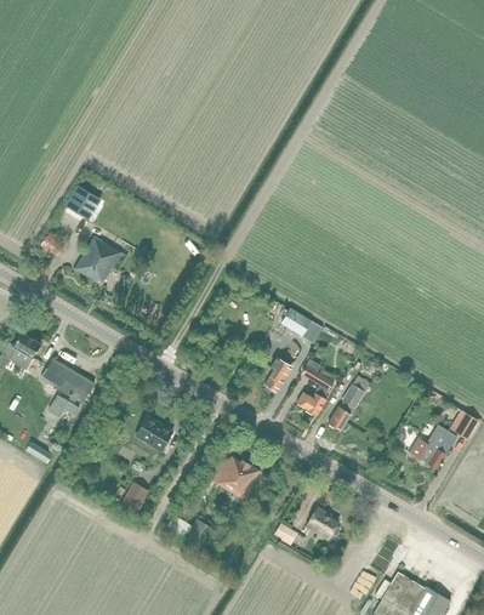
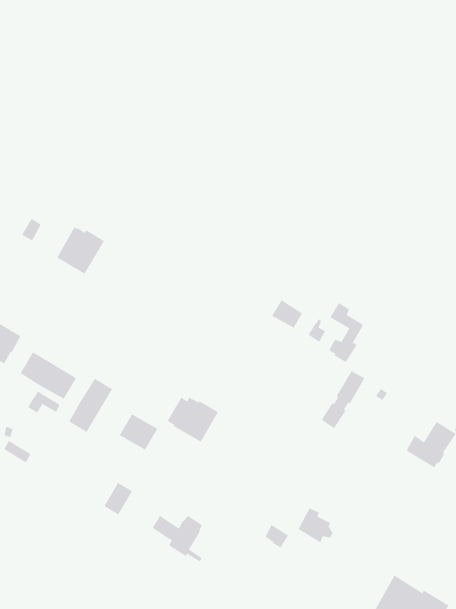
building: [66,184,99,218] -> none
building: [263,355,292,392] -> none
building: [300,358,334,416] -> [328,302,364,363]
building: none -> [68,378,113,433]
building: [210,455,260,499] -> [167,397,219,443]

